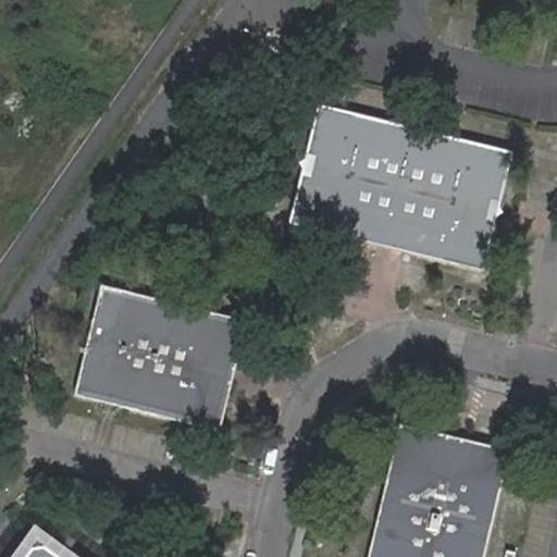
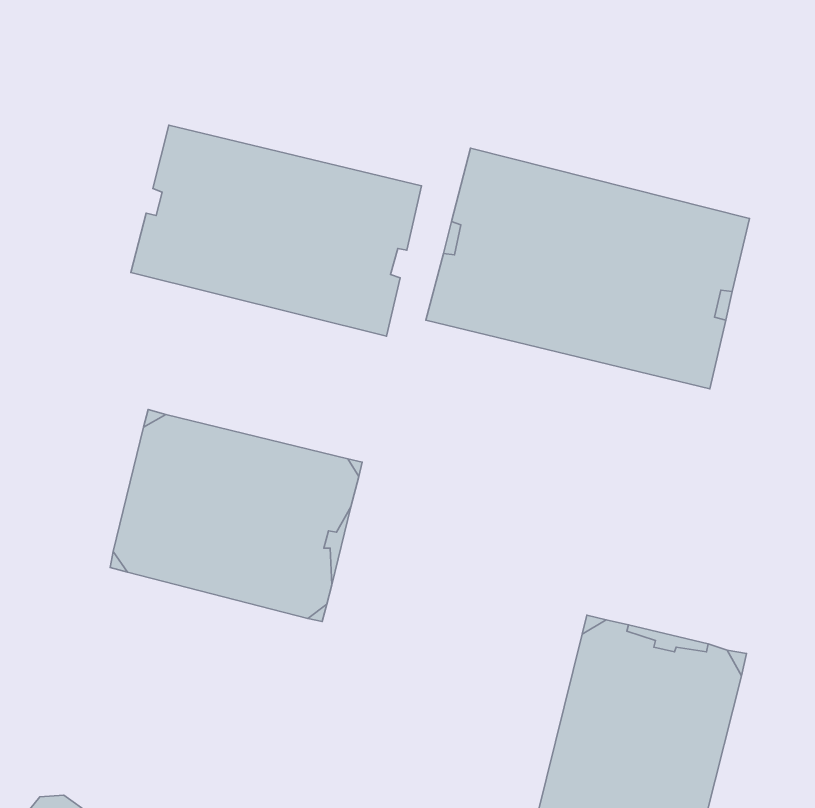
building: none -> [131,125,422,336]

